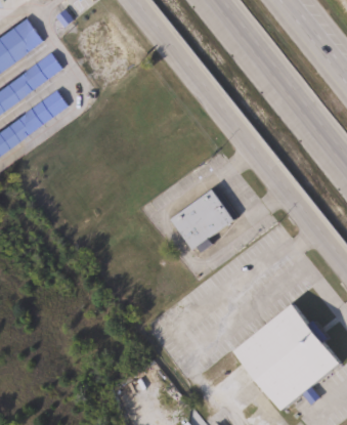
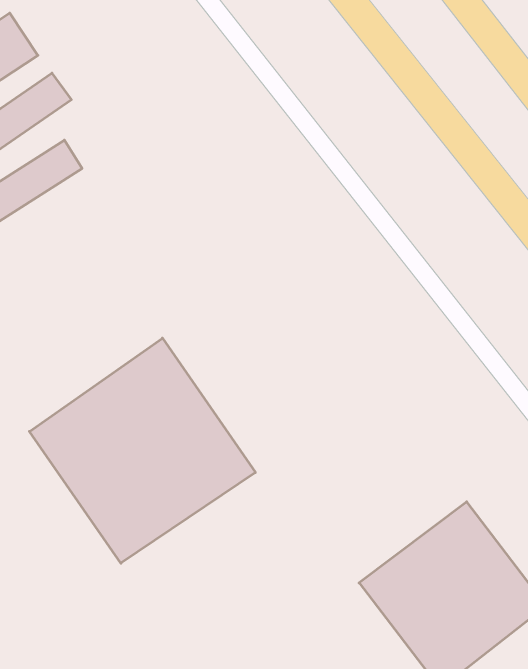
building: [171,188,235,250] -> none
building: none -> [29,338,255,563]

